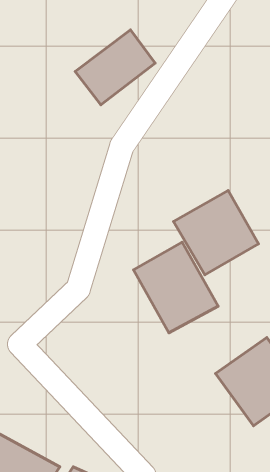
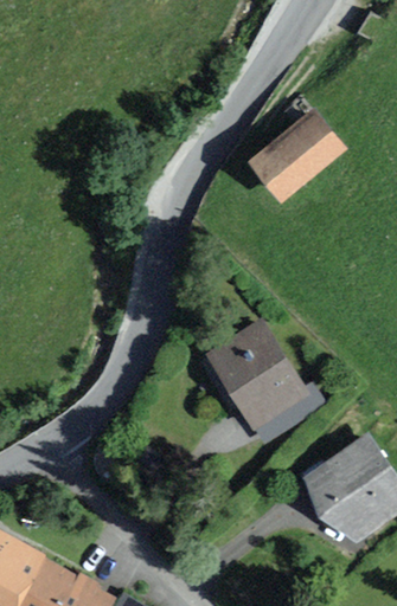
building: [75,30,155,105] -> [245,110,345,204]
building: [173,191,258,275] -> none

